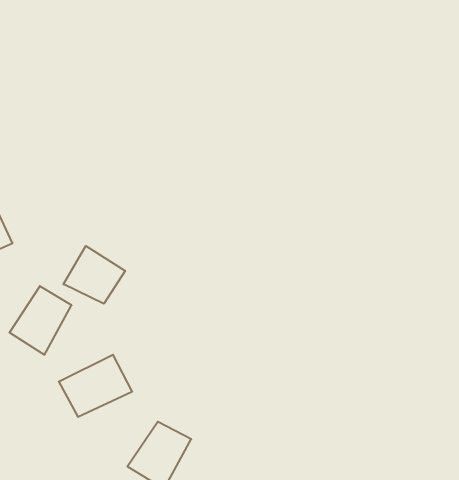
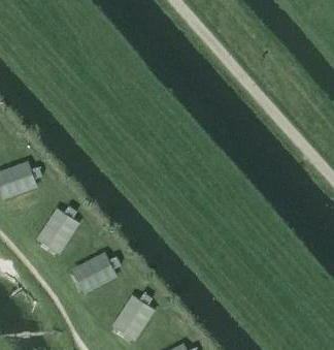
building: [63,246,125,304] -> none

